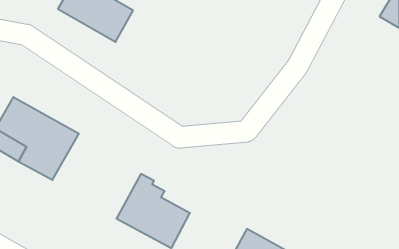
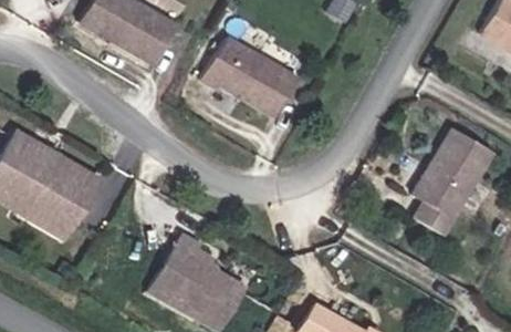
building: none -> [202,37,300,117]
building: none -> [415,131,493,237]

